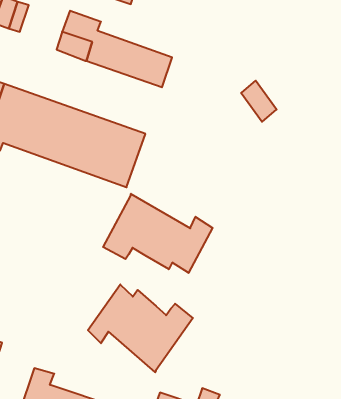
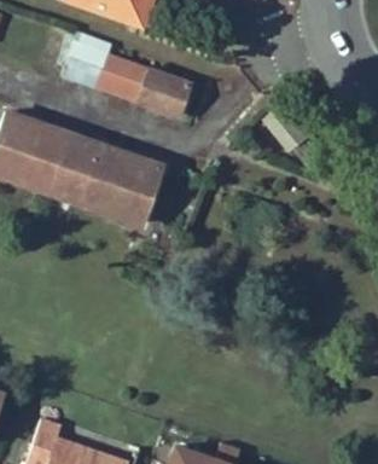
building: [103,194,213,273] -> none
building: [88,284,193,372] -> none

